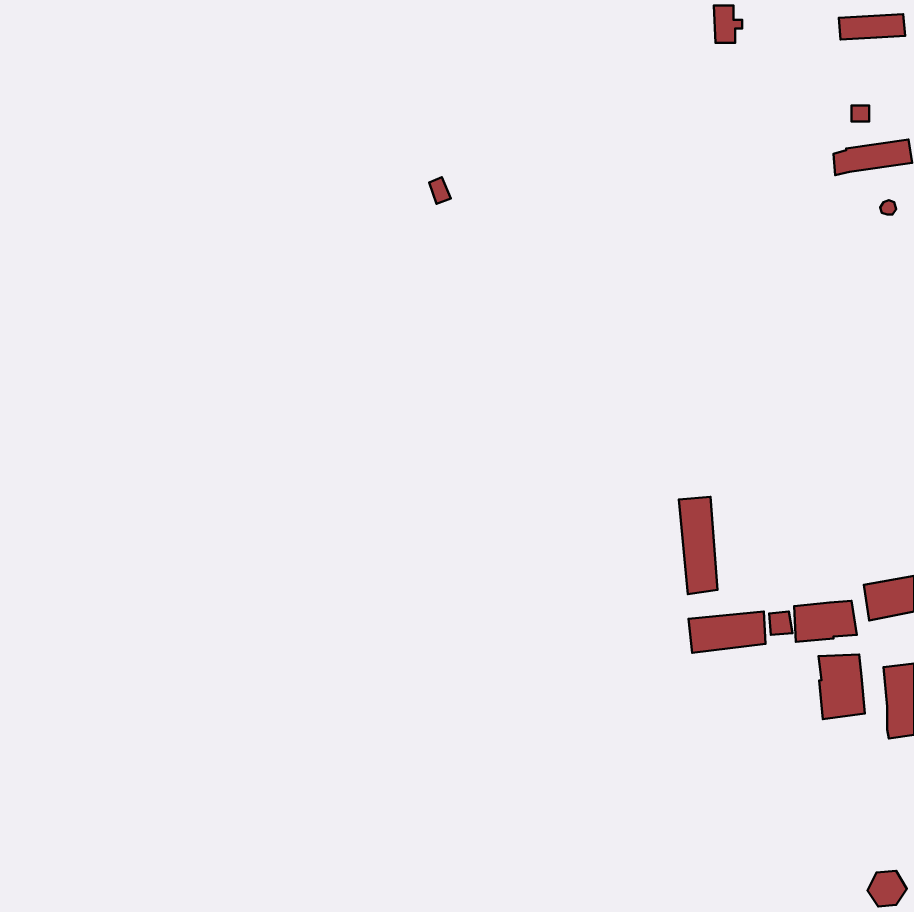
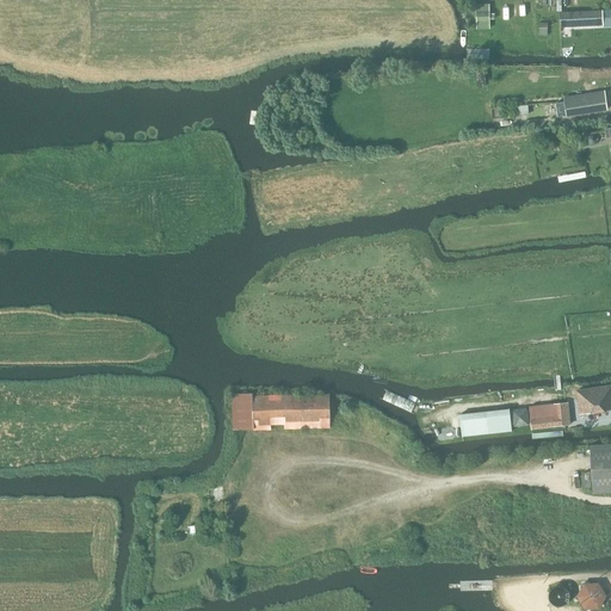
building: [679,497,717,594] -> none
building: none -> [233,393,331,428]
building: [819,655,865,719] -> none

